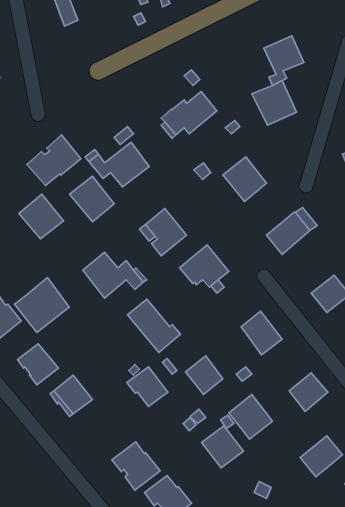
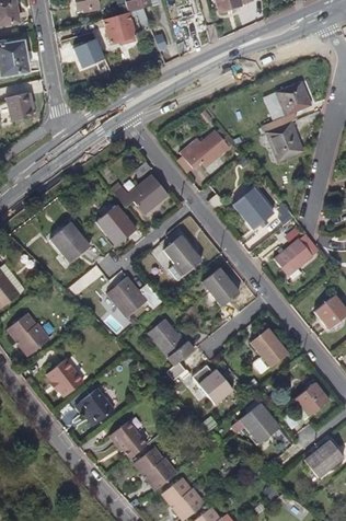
building: [27,135,81,185] -> none
building: [14,277,69,333] -> none
building: [127,367,168,407] -> [111,421,148,458]
building: [202,426,243,468] -> none

